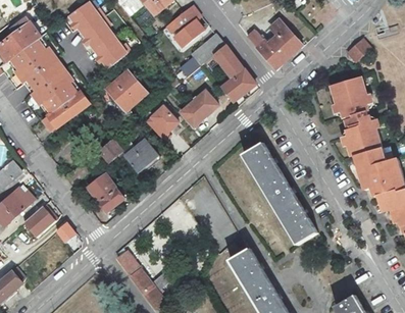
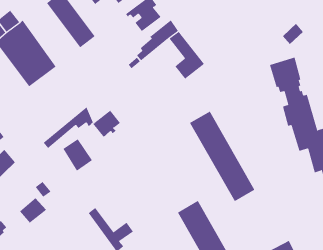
building: [247,18,302,66] -> none
building: [109,69,147,106] -> none
building: [45,89,91,131] -> none
building: [181,90,219,127] -> none
building: [146,105,181,143] -> none
building: [22,207,55,238] -> [19,198,47,224]

